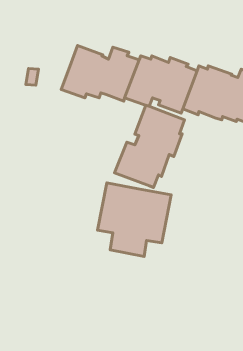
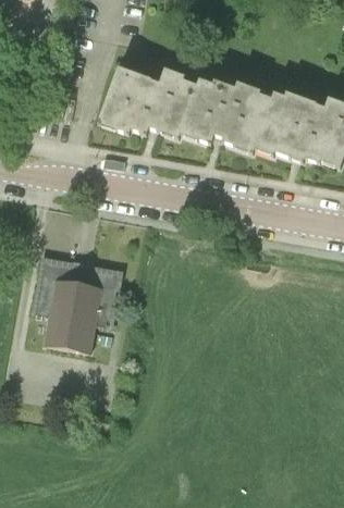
building: [115,105,185,187] -> none
building: [98,183,171,256] -> [32,258,126,352]

